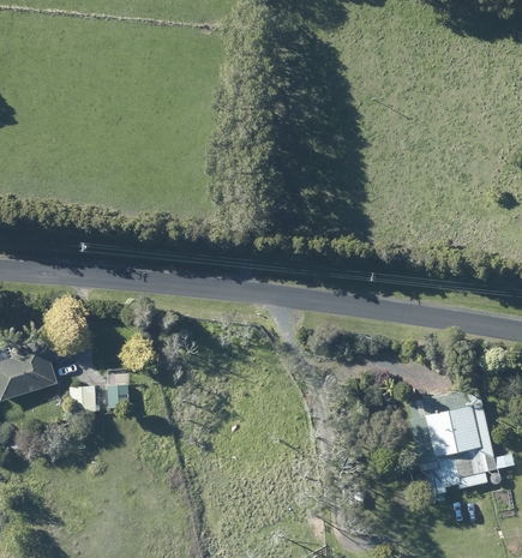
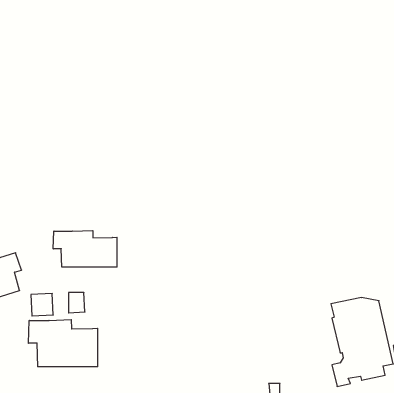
building: none -> [53,231,117,267]
building: none -> [28,320,98,367]

